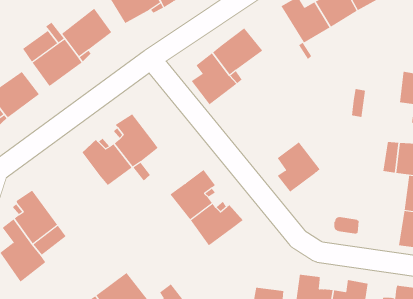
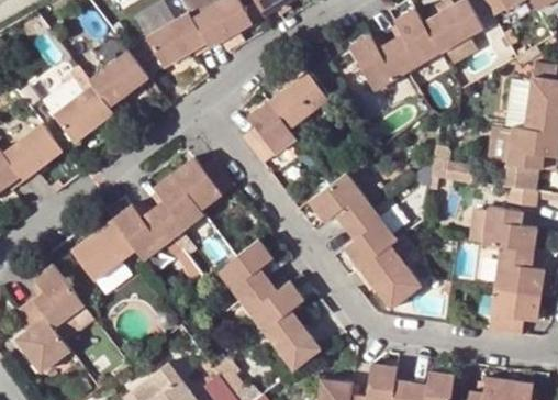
building: none -> [174,157,235,209]
building: none -> [309,173,371,226]
building: none -> [71,220,135,280]
building: none -> [360,244,423,309]
building: none -> [264,310,321,370]

